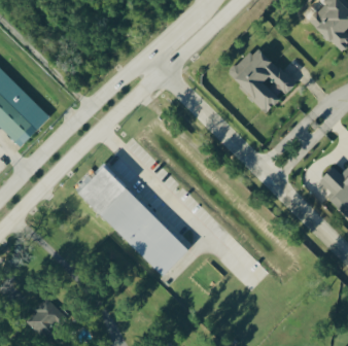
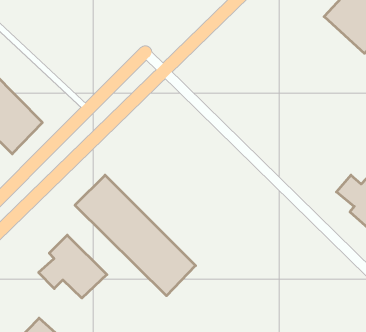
building: [228,45,297,113] -> none
building: none -> [39,235,107,298]

